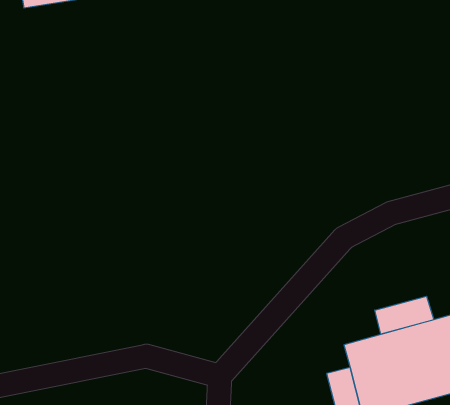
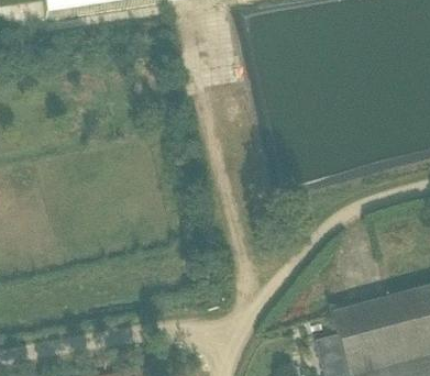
building: [375,296,434,334] -> none

